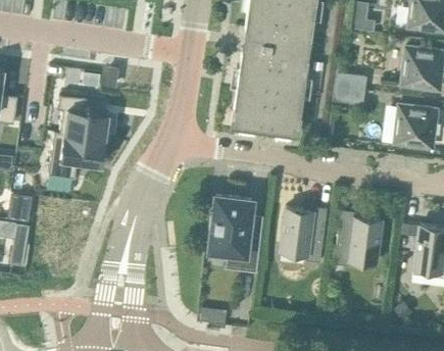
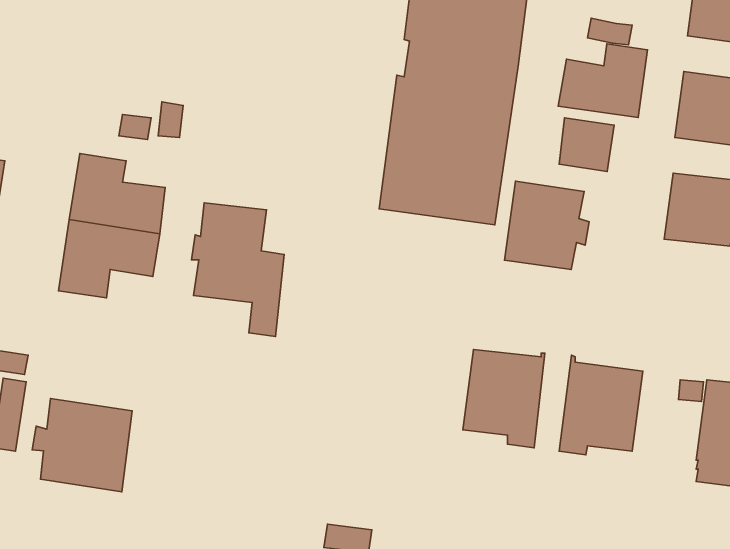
building: none -> [558,44,647,118]
building: none -> [504,181,589,270]
building: [209,197,262,273] -> [192,203,284,336]
building: none -> [32,398,132,492]

